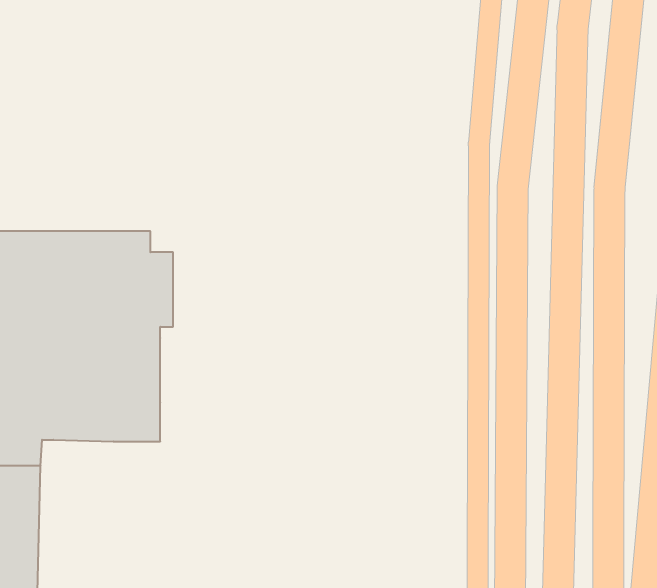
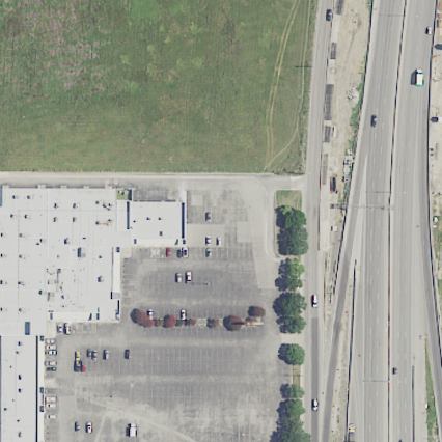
building: none -> [129,200,184,248]

